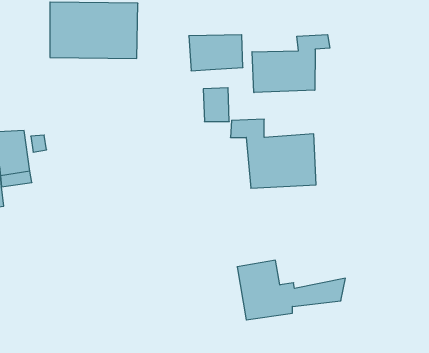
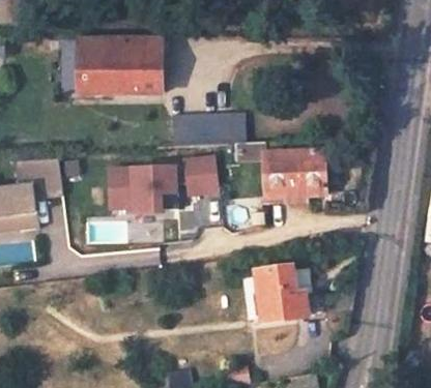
building: [252,35,330,93] -> none
building: [189,35,243,71] -> [172,114,222,147]
building: none -> [109,156,219,213]

